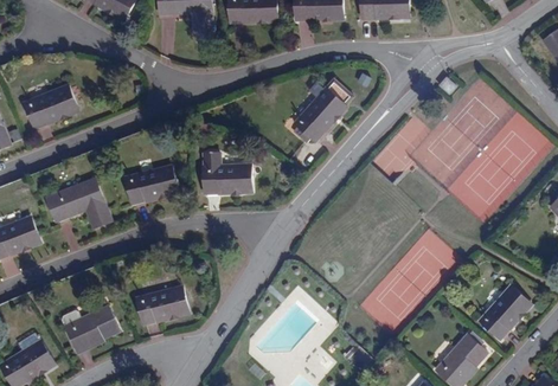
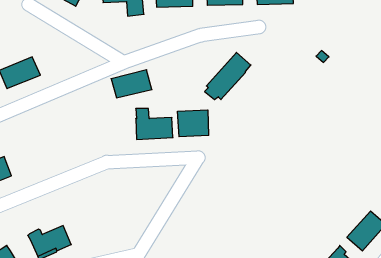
building: none -> [178,110,209,137]
building: [124,166,178,202] -> [111,70,152,98]
building: [46,178,113,229] -> none
building: [136,285,188,322] -> none

